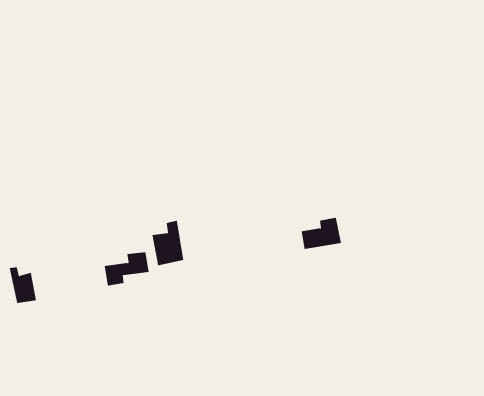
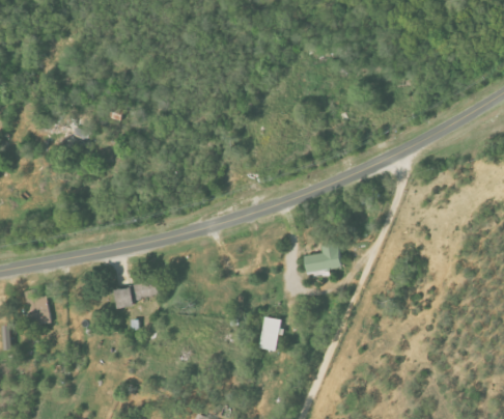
building: [152,220,184,266] -> none
building: none -> [258,317,280,351]

